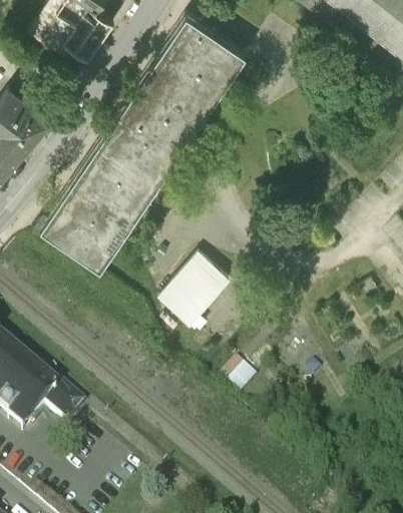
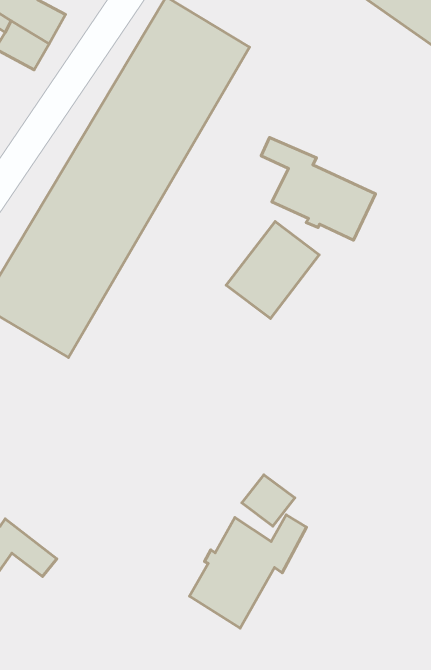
building: none -> [261,137,376,240]
building: [164,252,233,322] -> [226,222,319,318]
building: none -> [190,515,306,628]

